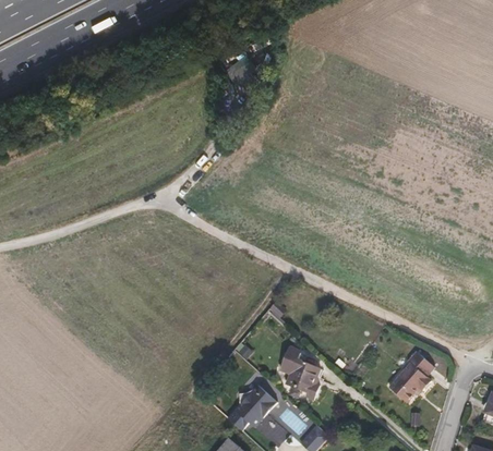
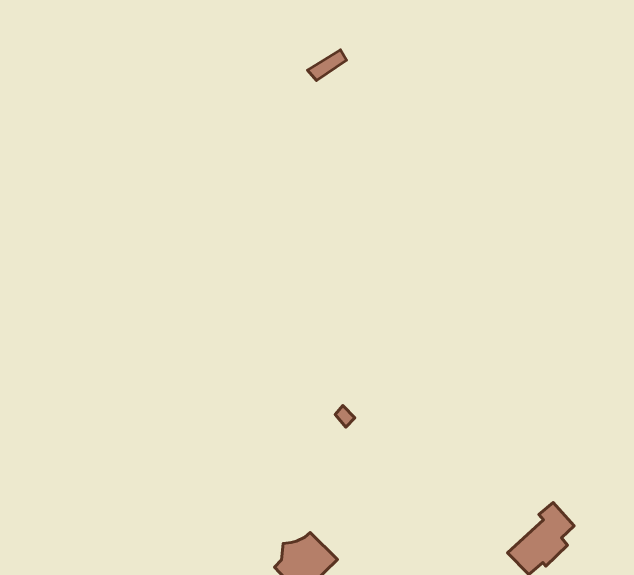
building: [286,346,321,393] -> none

